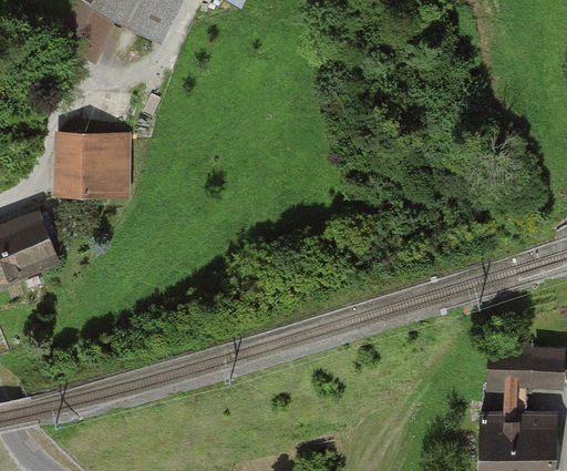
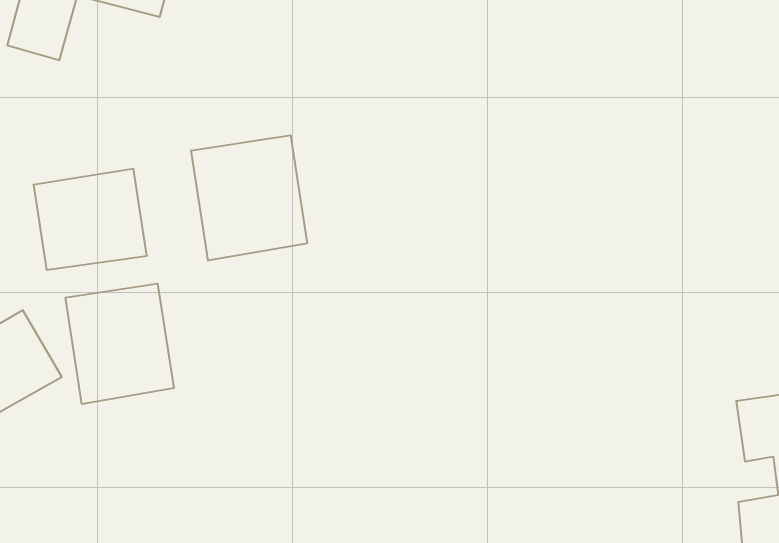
building: none -> [191,135,307,261]
building: none -> [65,284,174,404]

